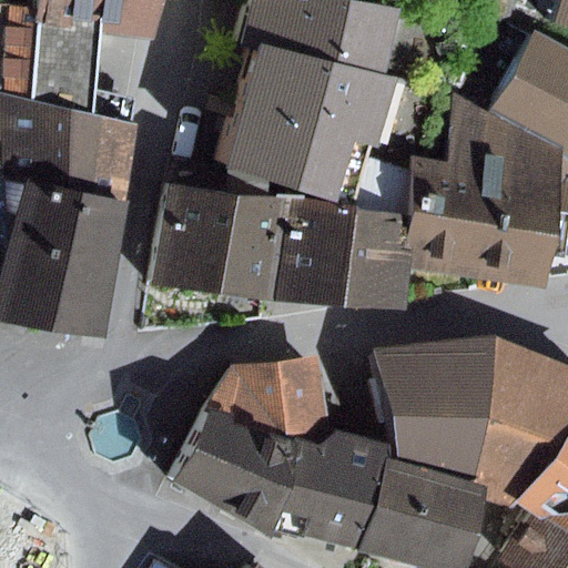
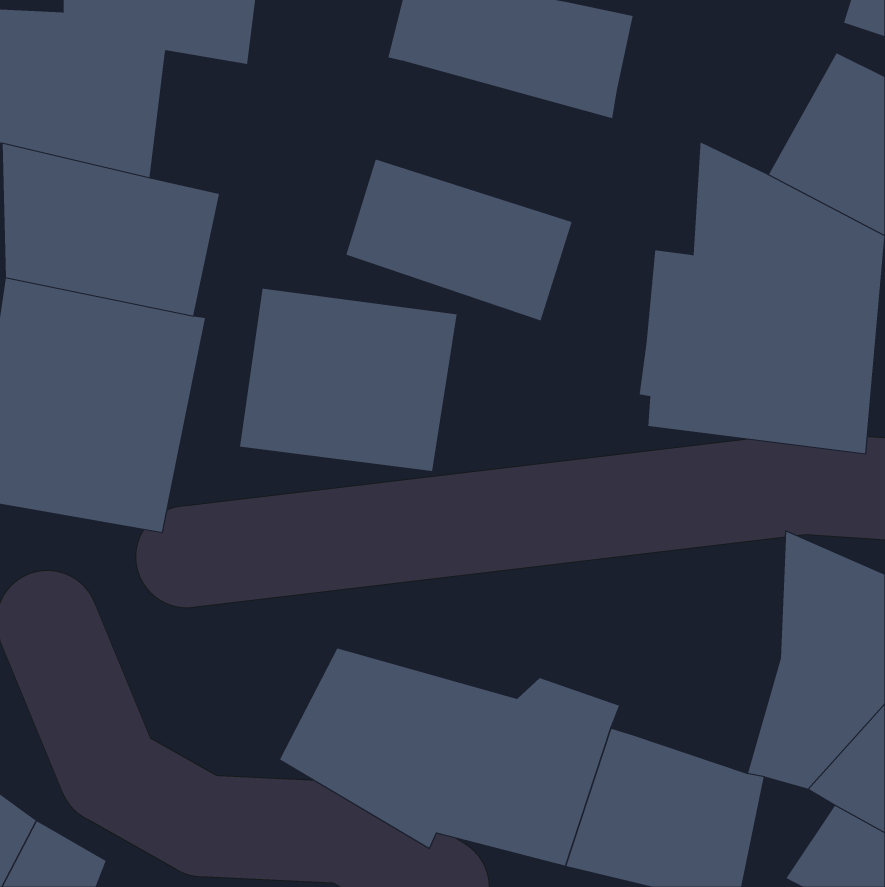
building: [239,39,405,149] -> none
building: [275,200,413,310] -> none
building: [375,337,499,491] -> none
building: [214,354,328,444] -> none

